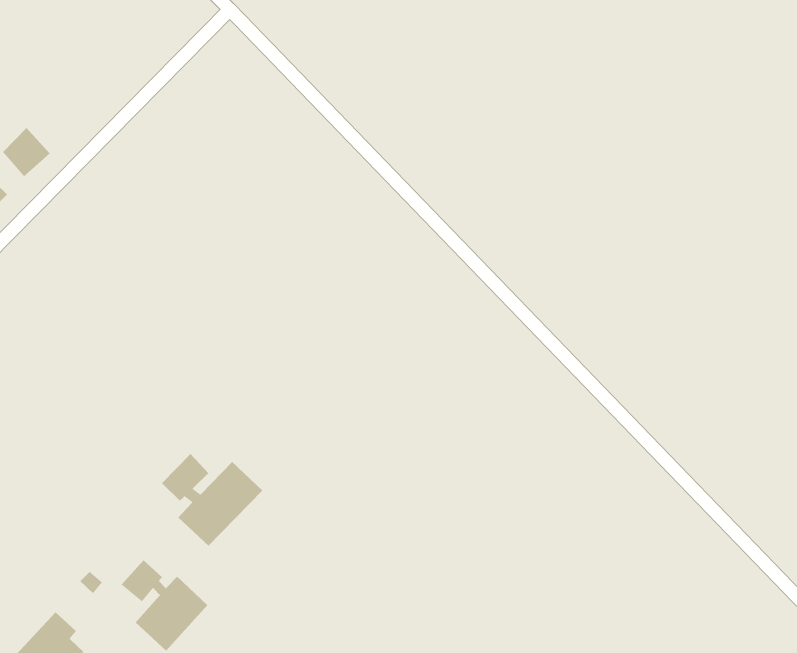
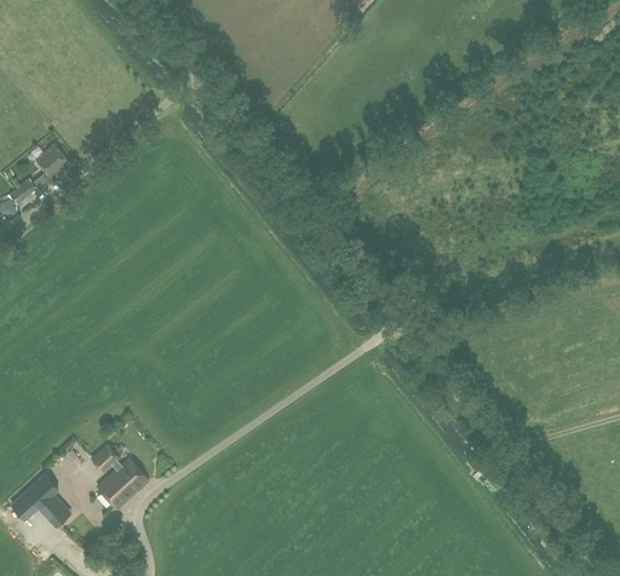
building: [161,453,263,547] -> none

